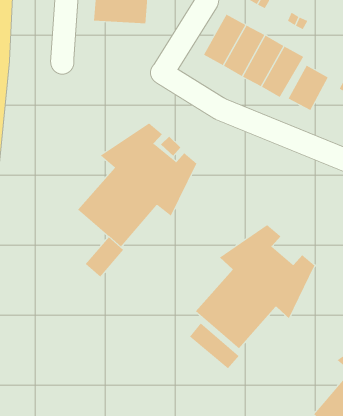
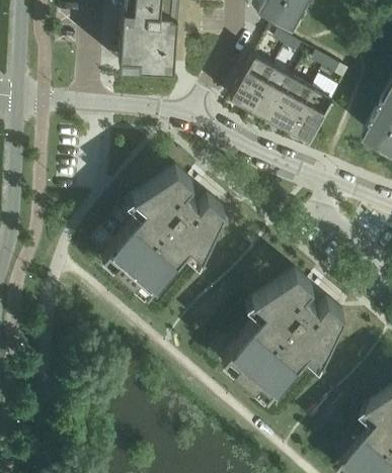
building: [288,65,328,111] -> none
building: [85,237,124,278] -> none
building: [189,323,240,369] -> none

